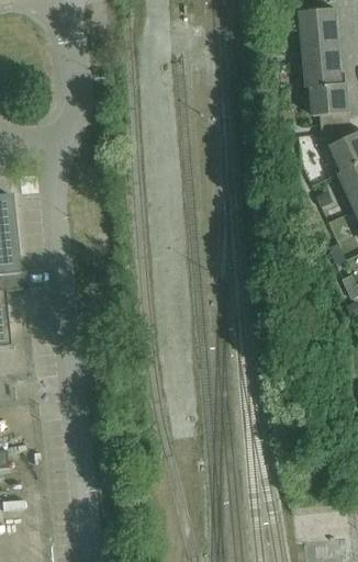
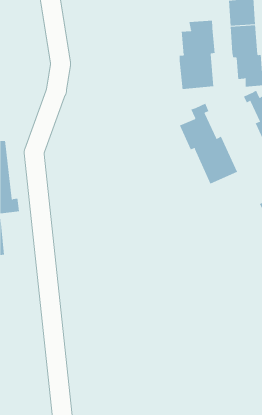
building: none -> [179,20,215,90]
building: none -> [179,103,238,185]

